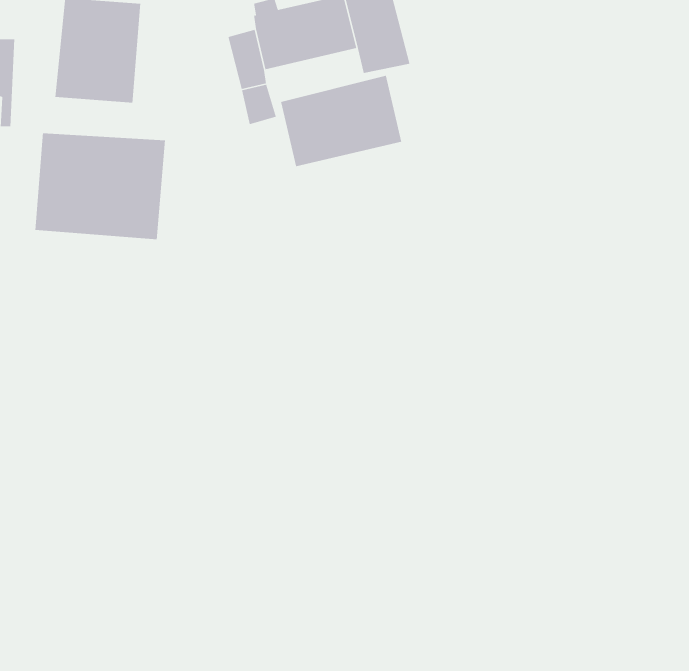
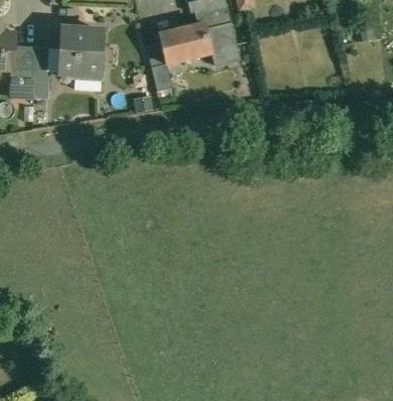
building: [280,75,402,167] -> none
building: [34,133,166,240] -> none

